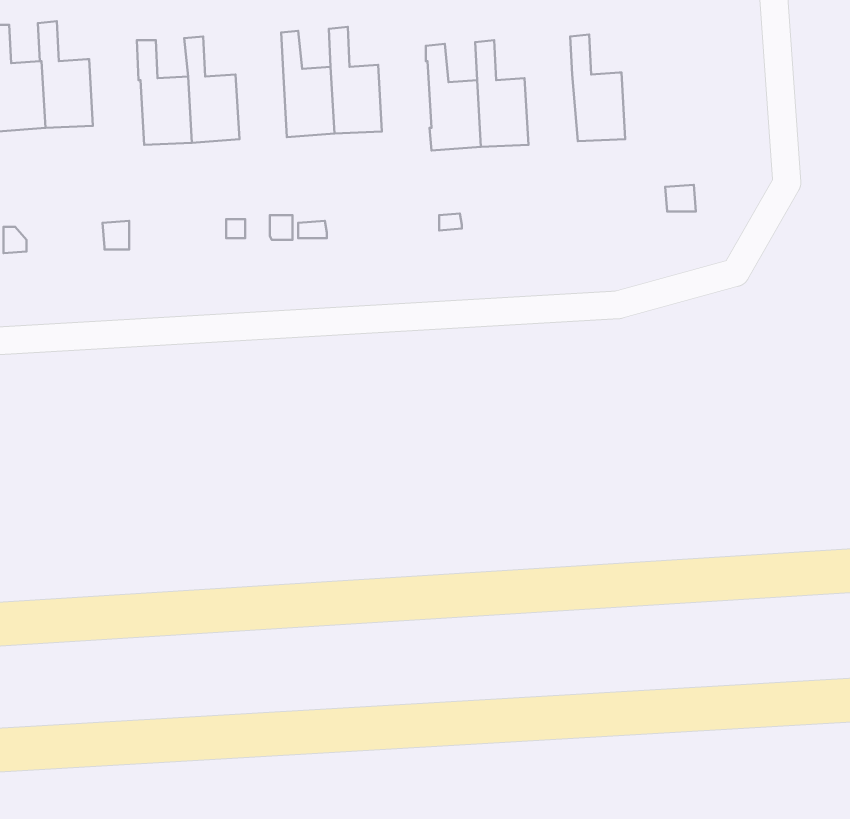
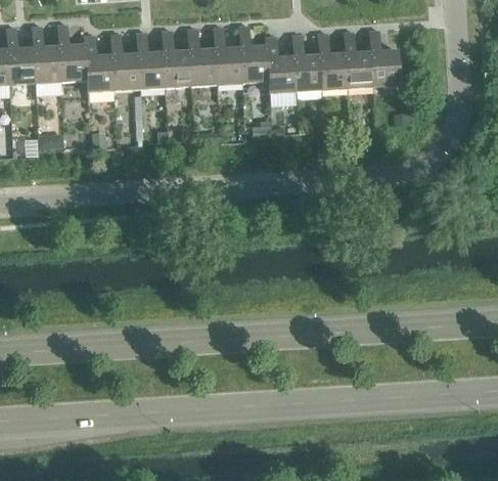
building: none -> [238,26,268,83]
building: none -> [161,30,190,87]
building: none -> [368,30,399,87]
building: none -> [317,33,347,90]
building: none -> [83,35,114,92]

